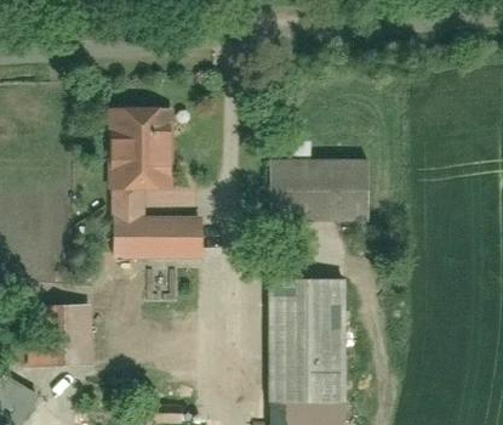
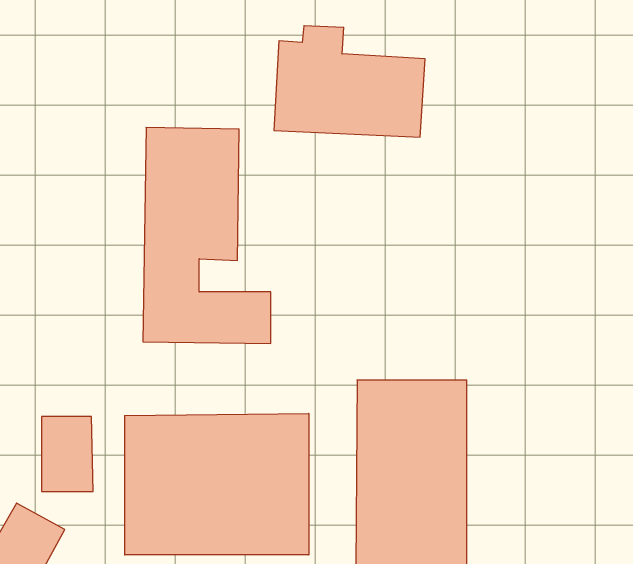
building: [262,142,372,223] -> [274,26,425,137]
building: none -> [125,413,309,555]

